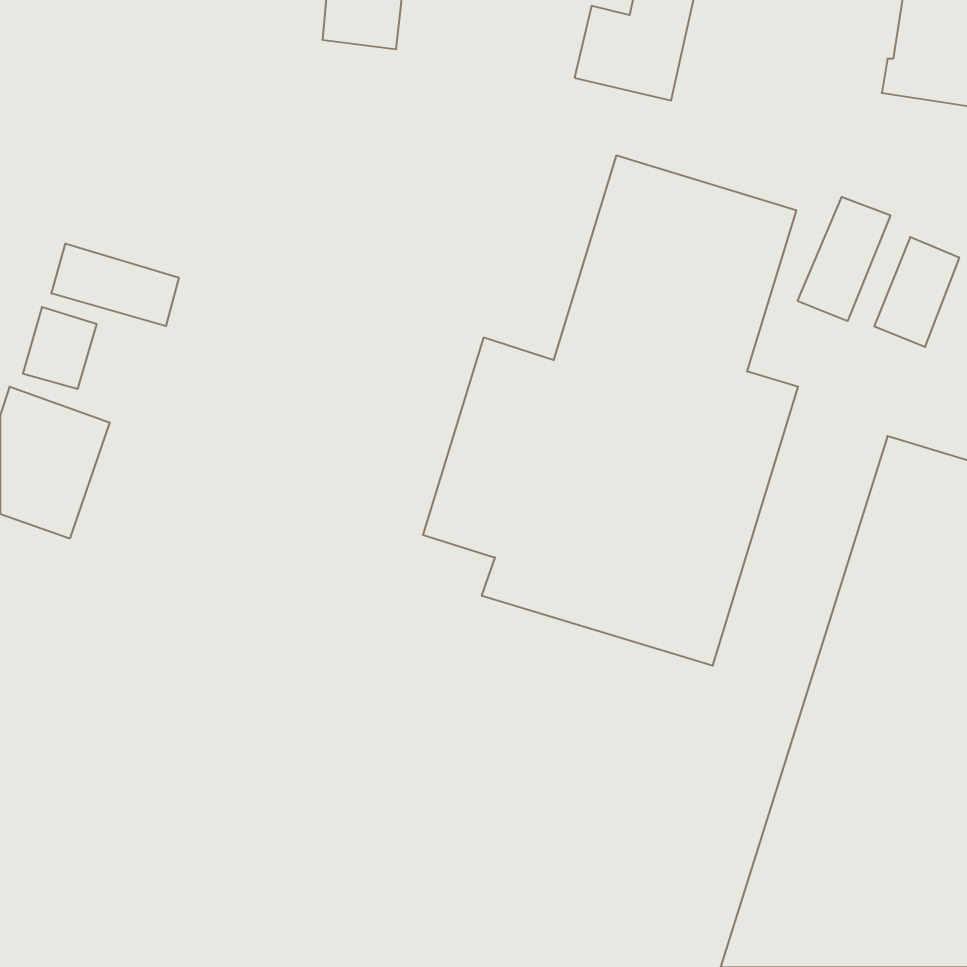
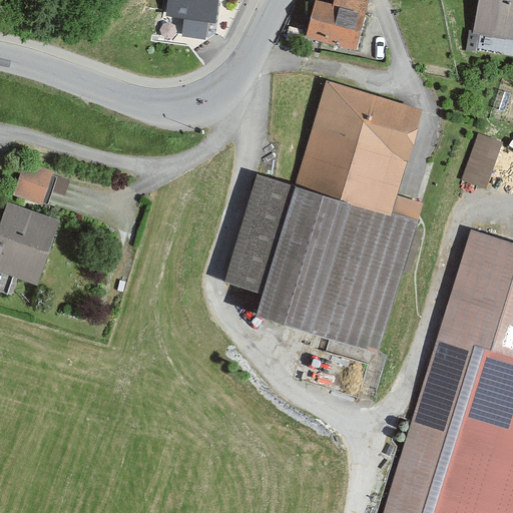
building: [798,197,890,321] -> none
building: [51,243,179,326] -> none

